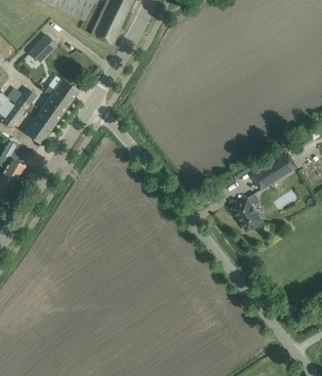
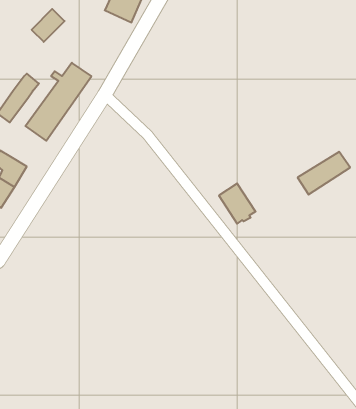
building: [232,197,263,231] -> [219,183,256,224]

